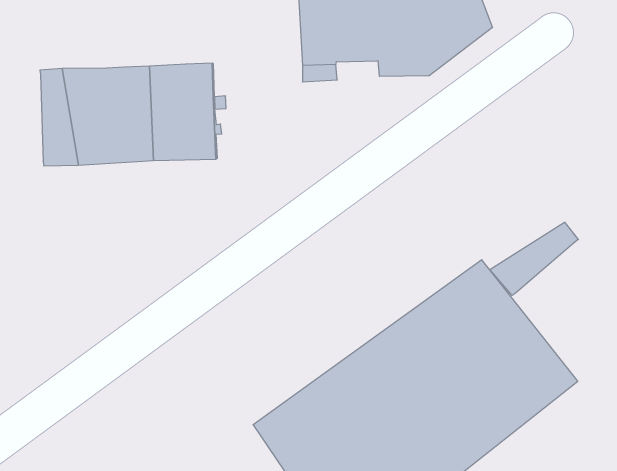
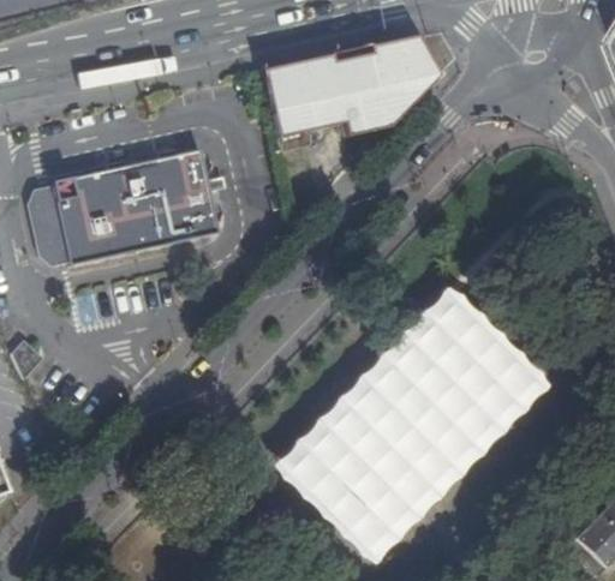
building: none -> [19,185,62,264]
building: [490,222,578,295] -> none

